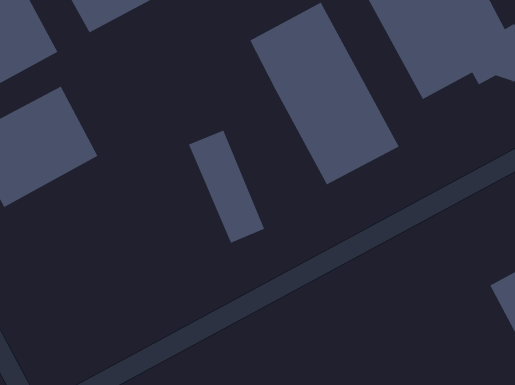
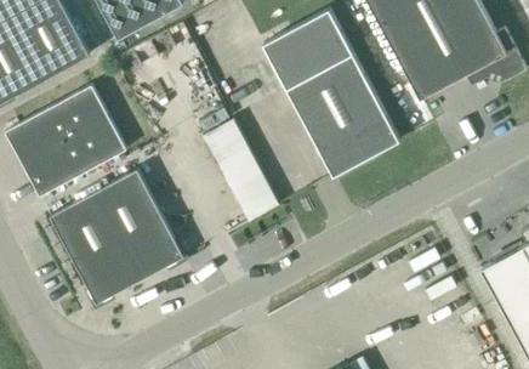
building: none -> [50,169,186,303]

